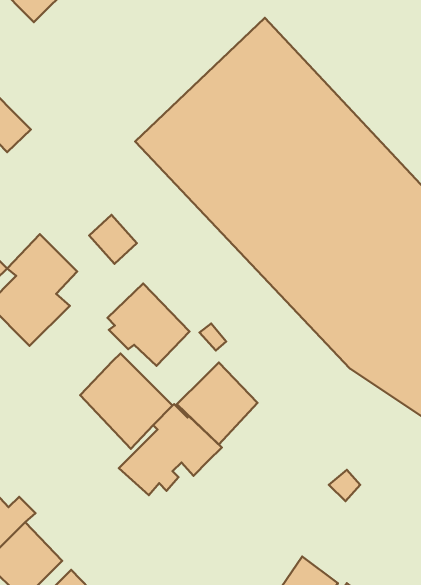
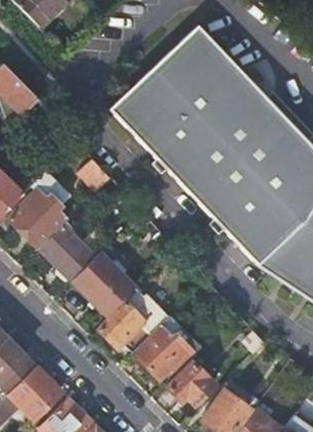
building: [107,284,189,366] -> [41,225,96,280]
building: [177,362,257,445] -> [133,325,187,380]
building: none -> [168,361,215,405]

